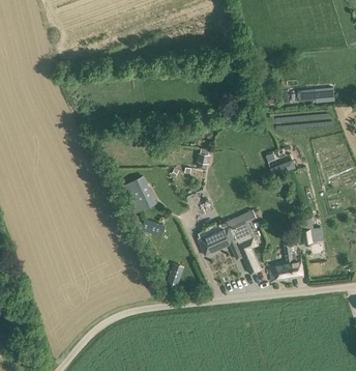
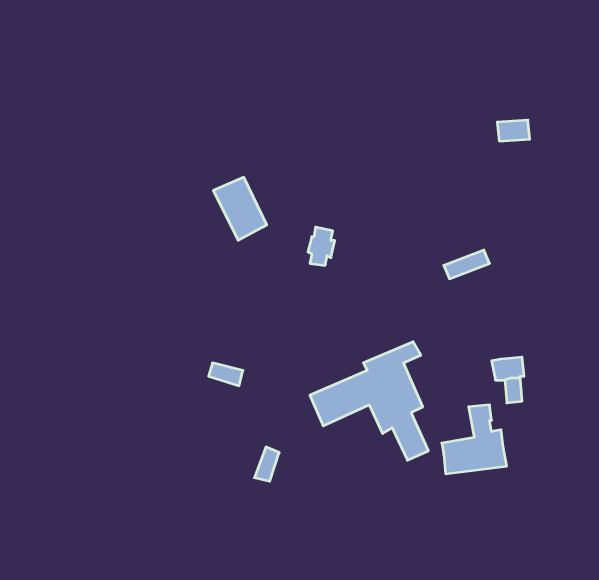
building: [128,175,157,209] -> [213,177,267,240]

